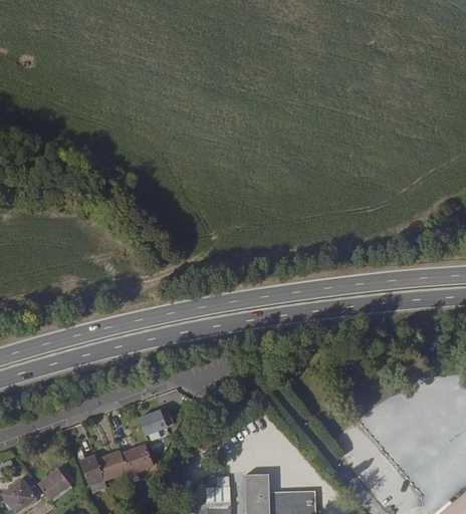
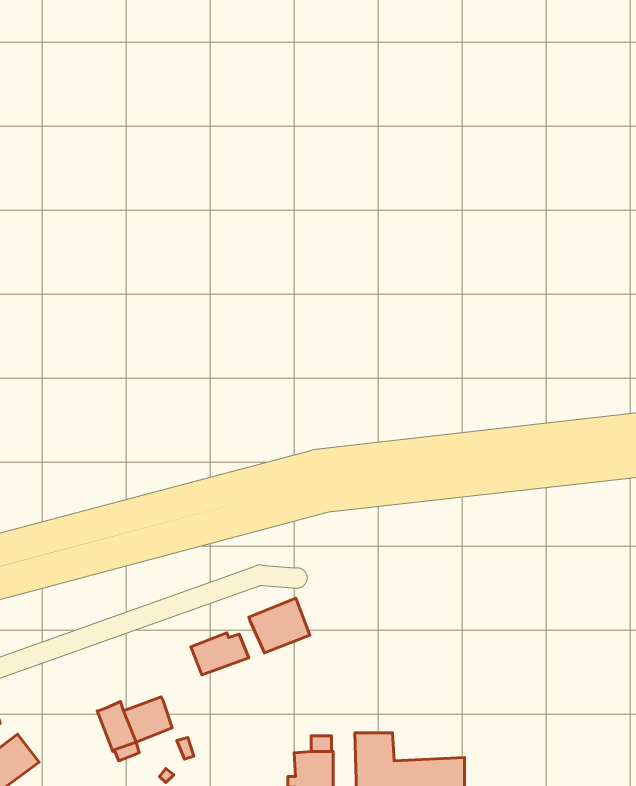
building: none -> [249,598,310,653]
building: [121,445,153,475] -> none
building: [37,467,73,501] -> none

